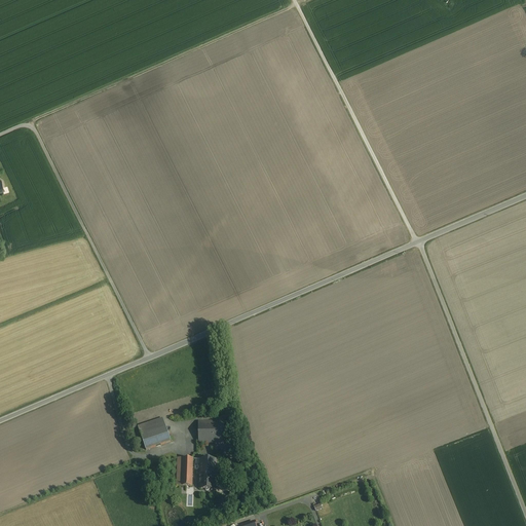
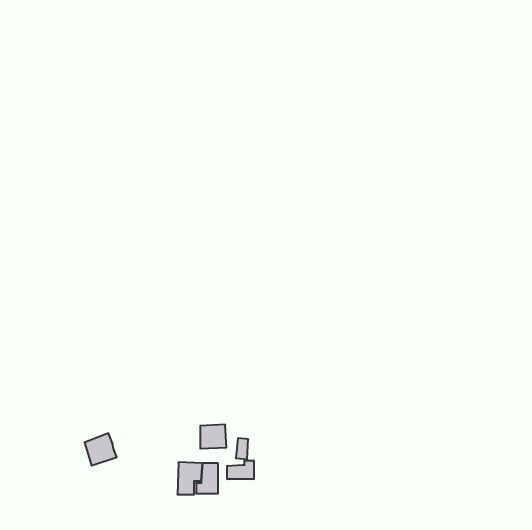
building: [139,415,171,447] -> [84,433,117,466]
building: none -> [227,460,254,479]

